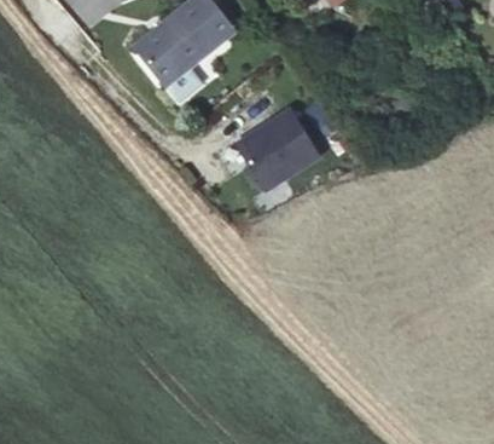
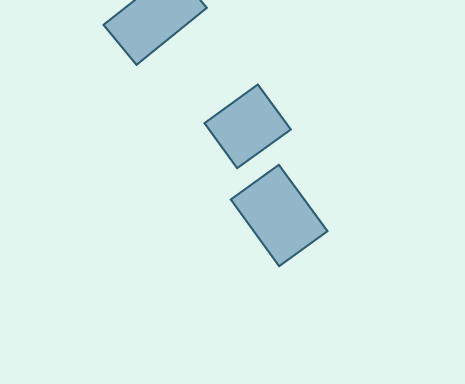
building: none -> [231,165,327,266]

